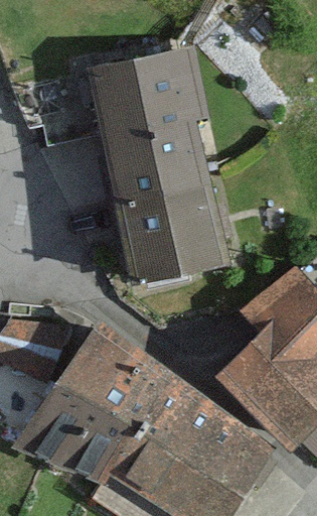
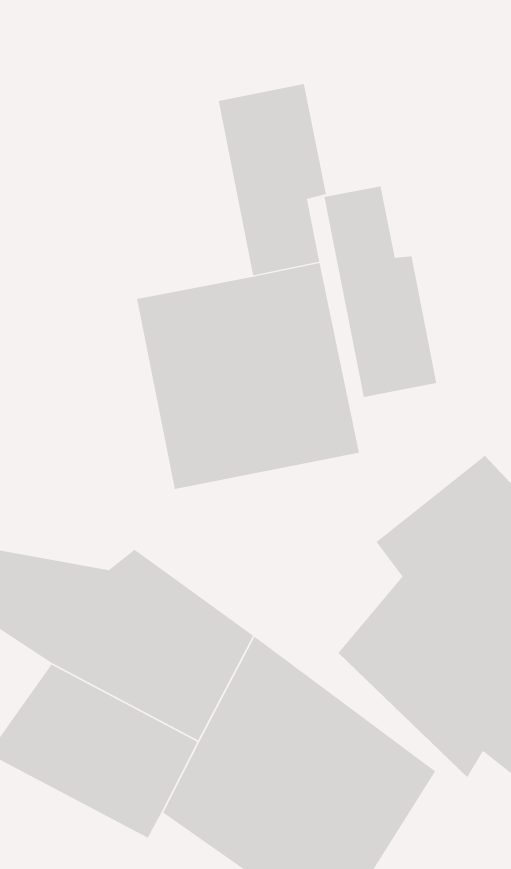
building: [75,60,164,175] -> none
building: none -> [323,186,437,398]

